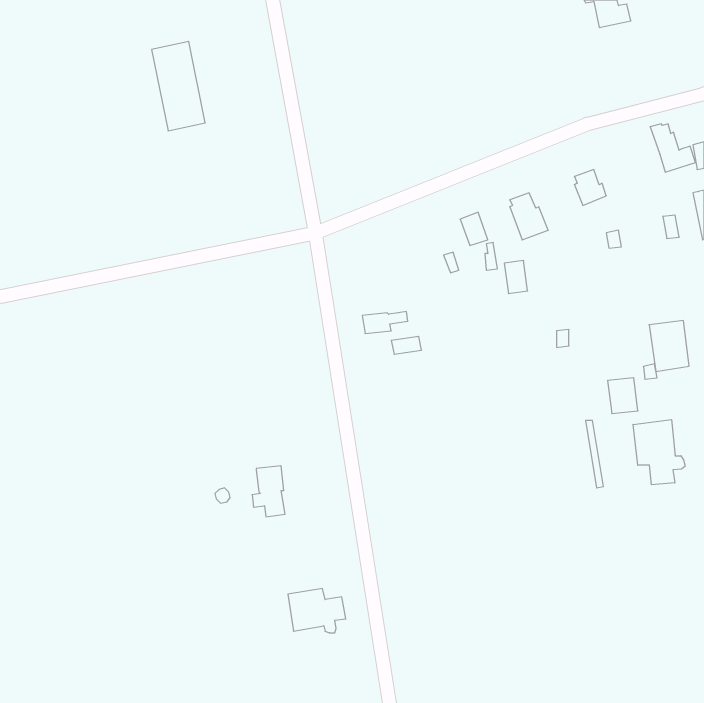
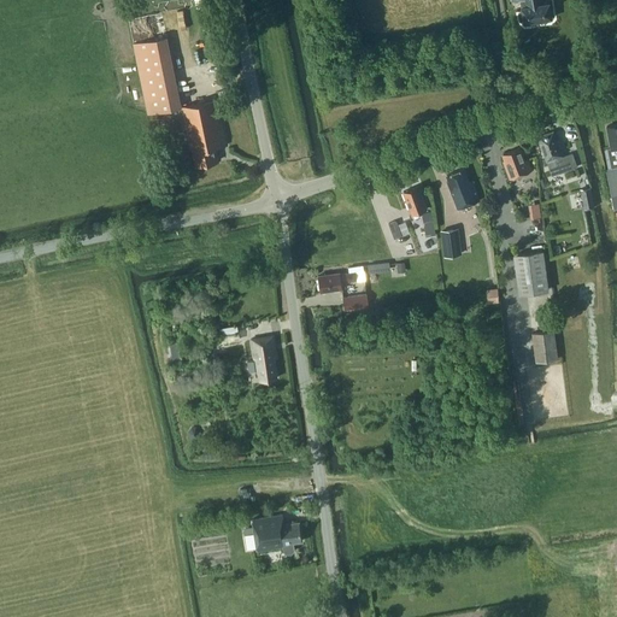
building: none -> [181,101,227,168]
building: [650,124,696,172] -> [537,135,577,177]
building: [649,321,689,372] -> [513,252,548,296]
building: [633,420,685,485] -> none
building: [252,466,285,517] -> [247,337,276,382]

